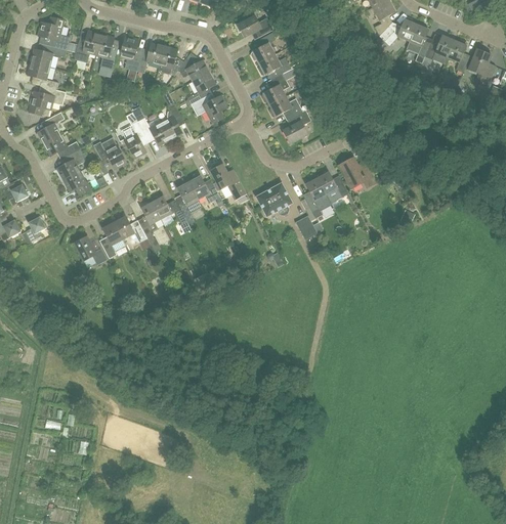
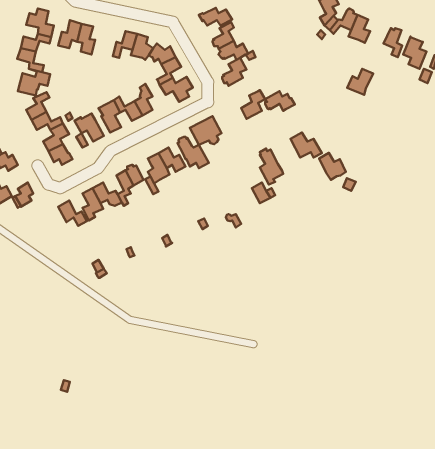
building: [424,34,454,63] -> [347,69,373,95]
building: [120,36,140,71] -> none
building: [268,95,302,118] -> [265,91,295,111]
building: [317,171,347,202] -> [319,153,346,180]
building: [255,182,291,215] -> [190,116,221,145]

